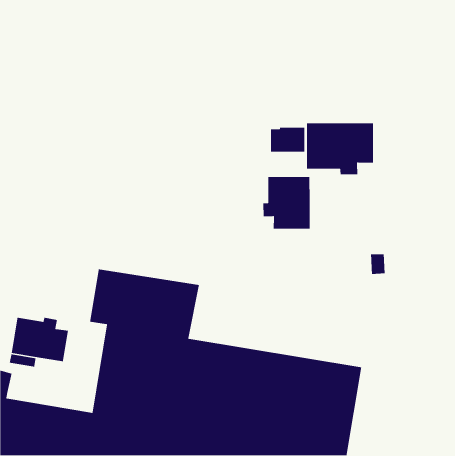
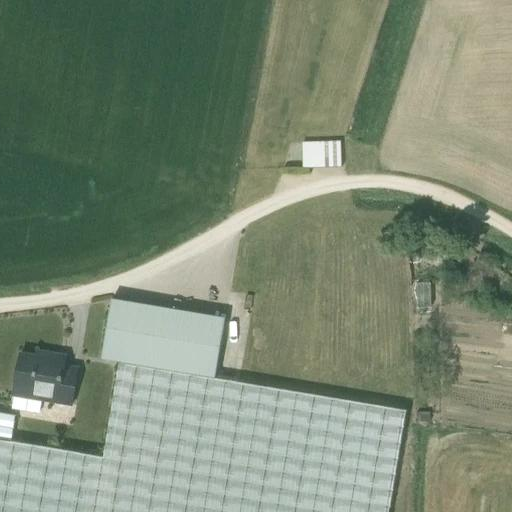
building: [306,122,374,175] -> none
building: [262,176,310,230] -> none

